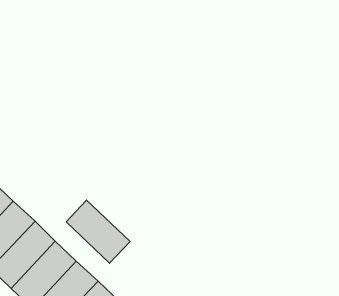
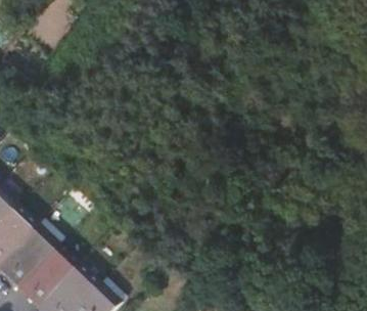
building: [66,200,130,263] -> none

